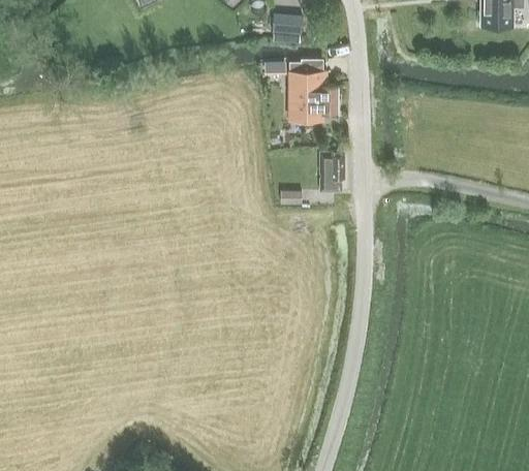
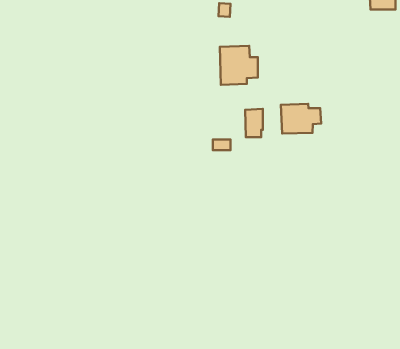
building: none -> [281,104,321,134]

